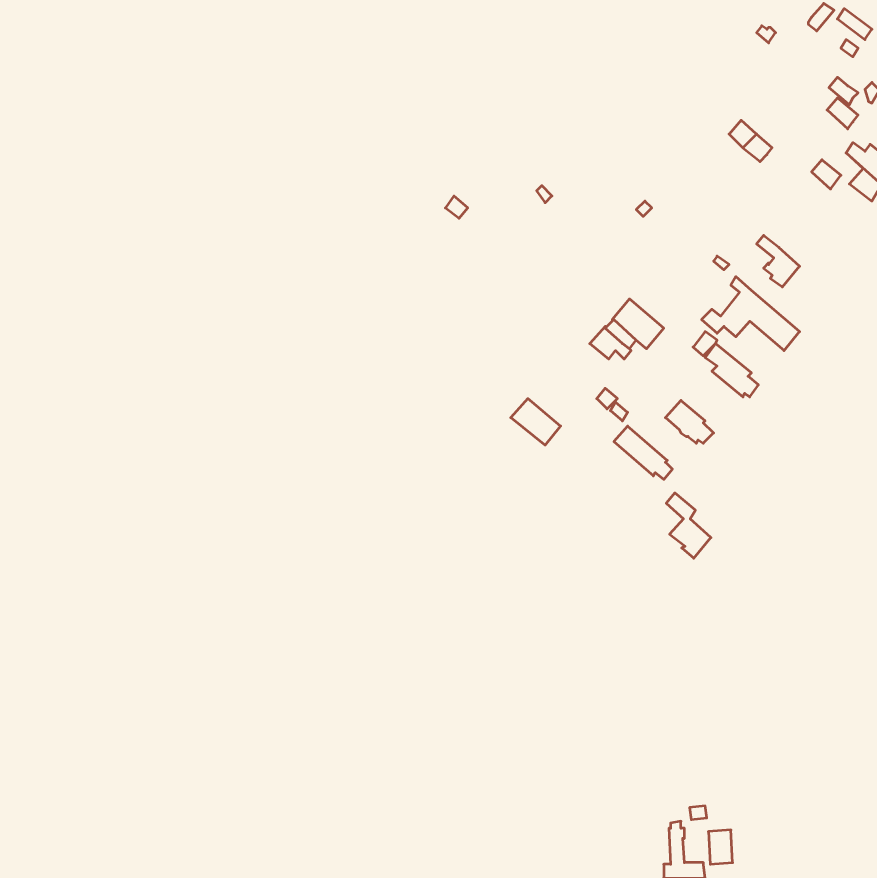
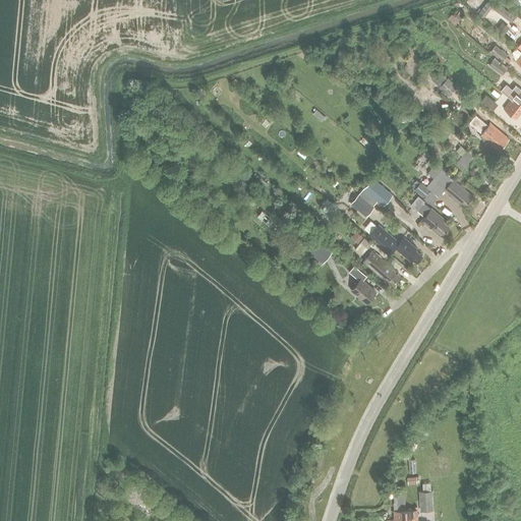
building: none -> [469,116,508,150]
building: none -> [368,224,400,253]
building: [666,493,711,558] -> [350,266,377,304]

